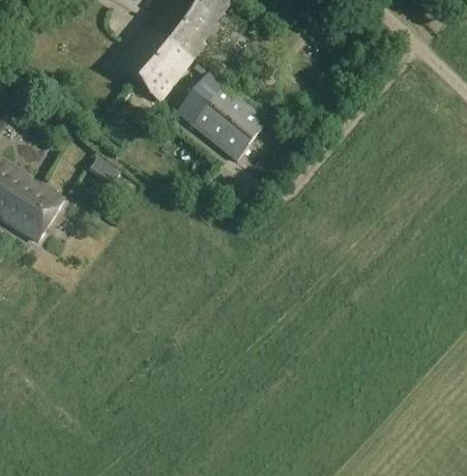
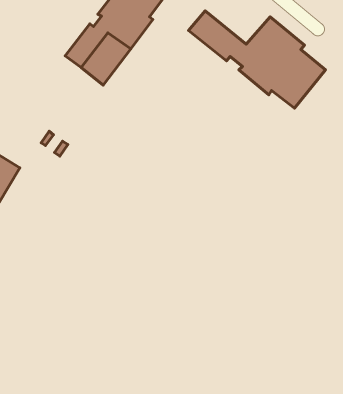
building: none -> [189,11,325,108]
building: [178,73,268,159] -> none

